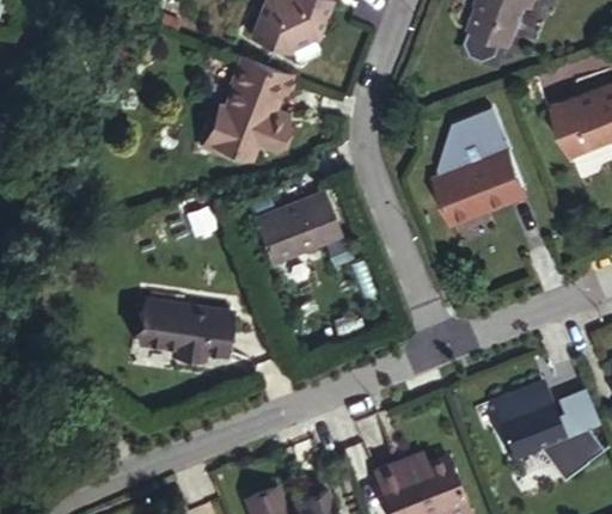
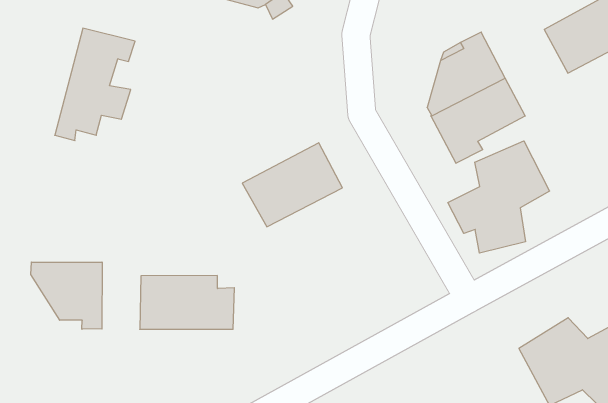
building: [207,62,292,165] -> [55,28,135,141]
building: none -> [448,141,550,253]
building: none -> [31,262,102,329]

